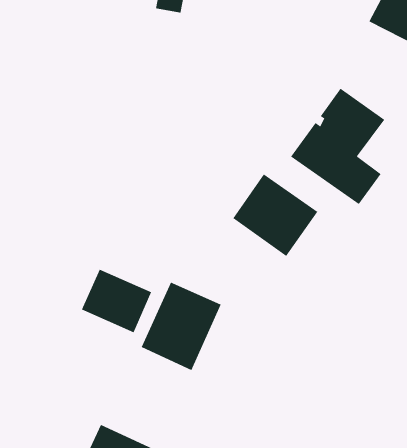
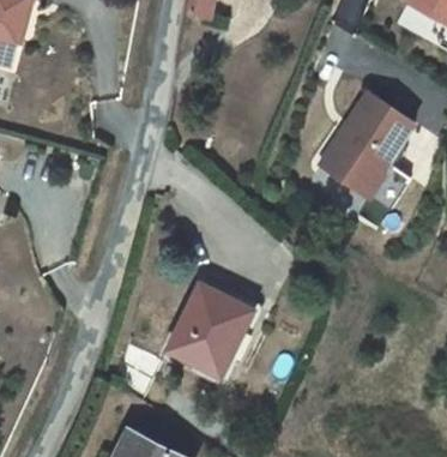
building: [233,174,318,257] -> none
building: [81,269,152,333] -> none

